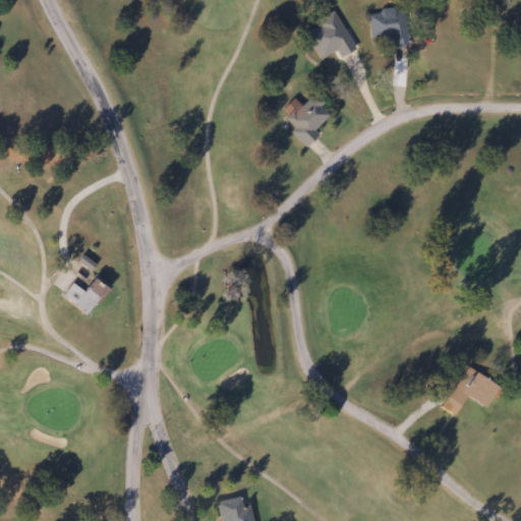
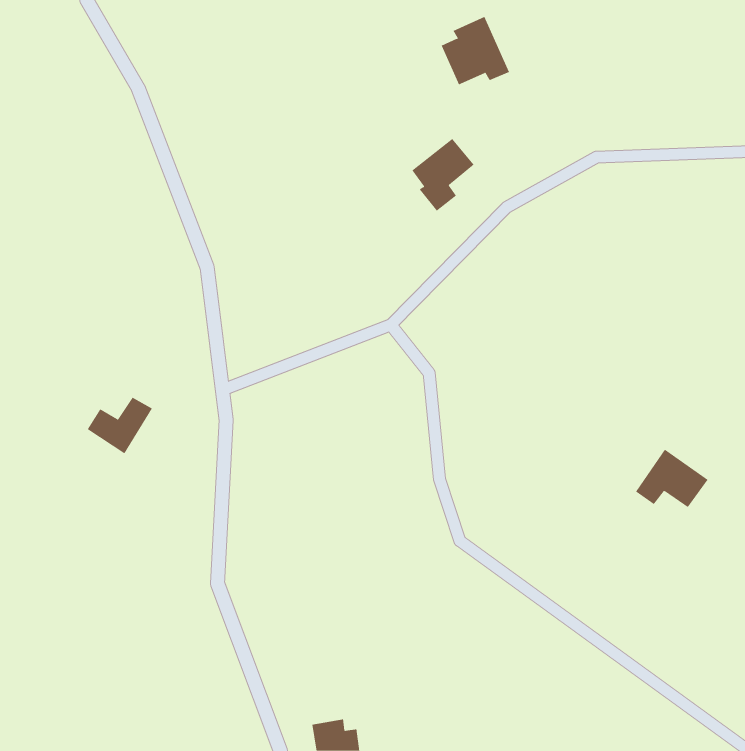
building: [371,8,409,46] -> none
building: [448,366,499,407] -> [635,449,709,508]

